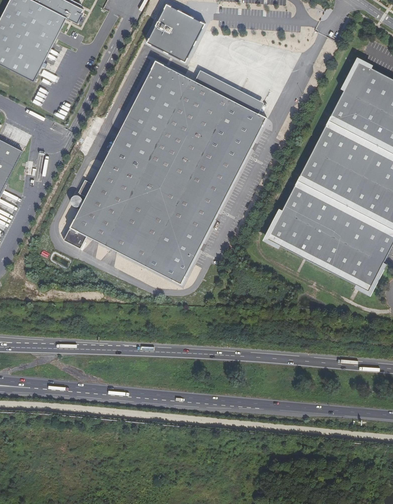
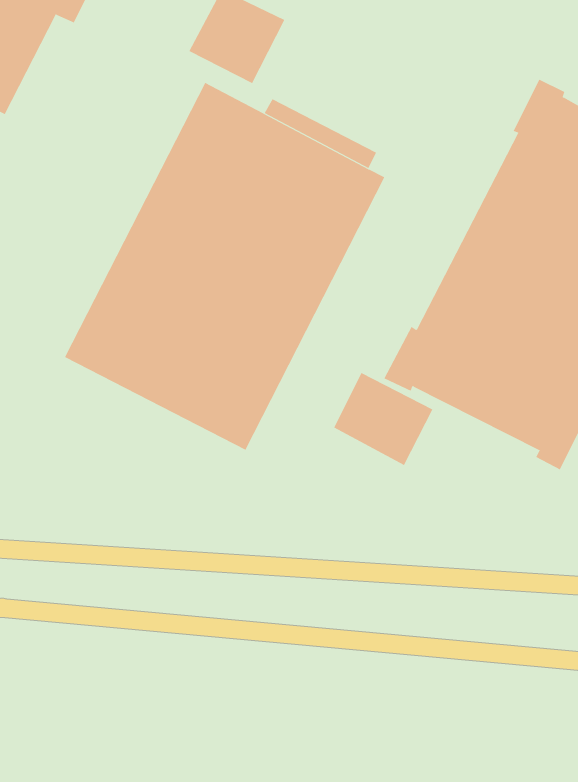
building: none -> [333,372,433,466]

